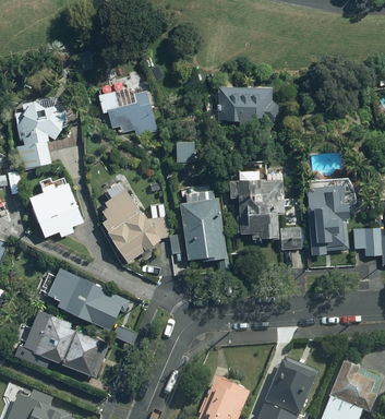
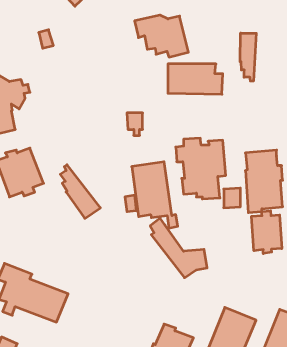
building: none -> [240,33,256,81]
building: [100,91,160,137] -> [135,15,188,57]
building: [107,182,170,249] -> [150,218,207,278]
building: none -> [252,211,282,254]
building: [47,268,129,330] -> none

